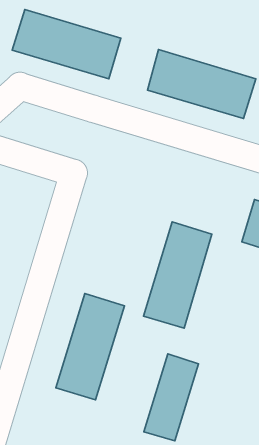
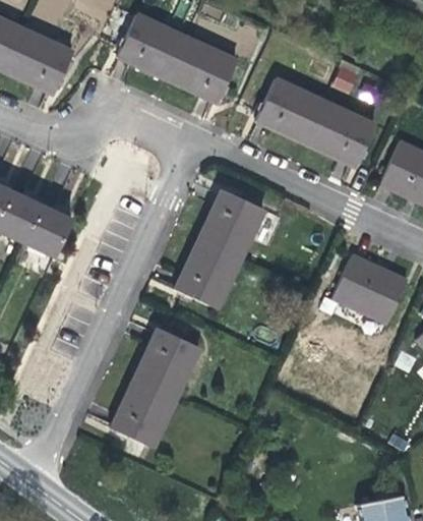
building: [143,222,212,328] -> [176,191,262,307]
building: [144,354,199,441] -> none

